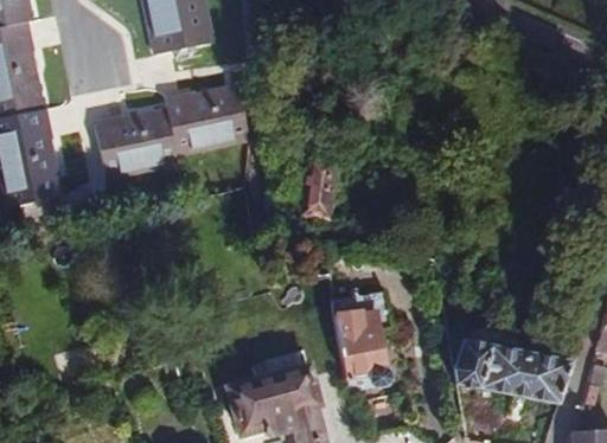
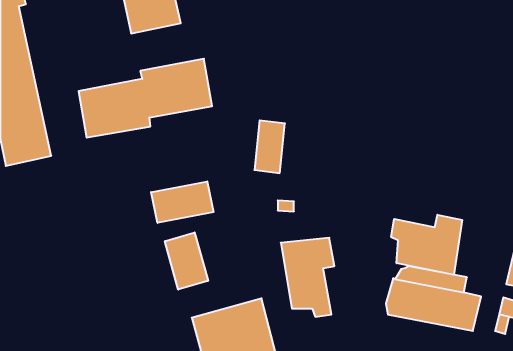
building: none -> [151,181,214,223]
building: none -> [391,215,462,275]
building: none -> [165,232,208,290]

